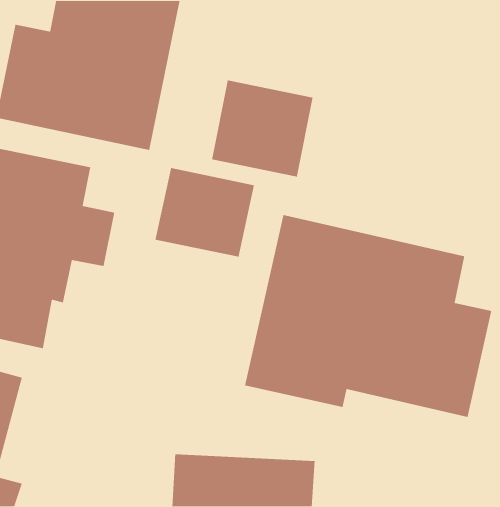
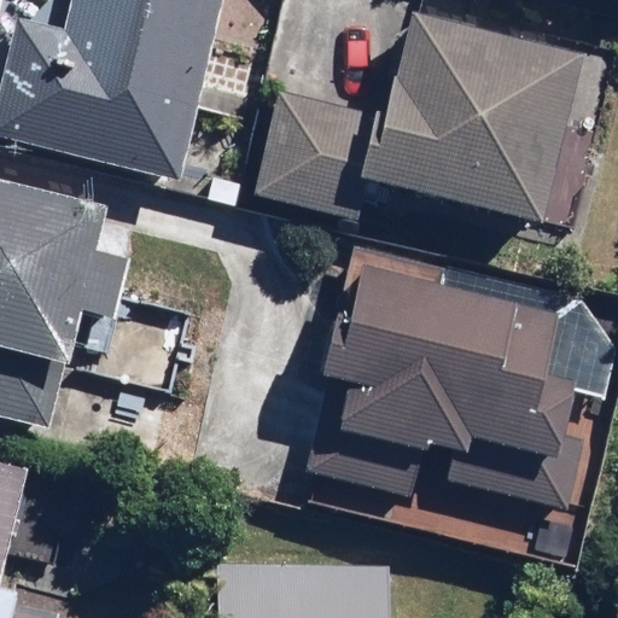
building: none -> [384,17,582,209]
building: [155,167,255,258] -> none

